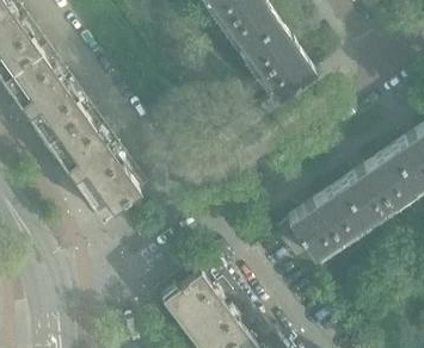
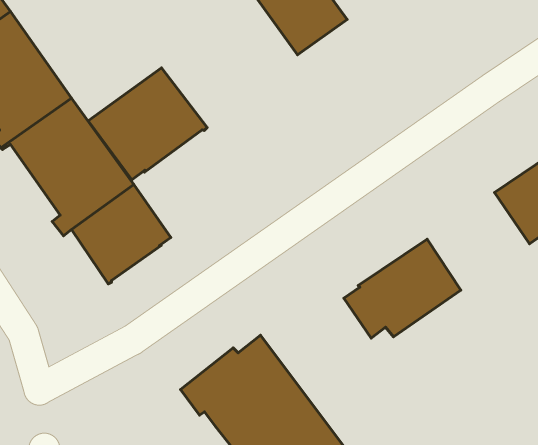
building: [244,26,318,102] -> none
building: none -> [88,68,207,180]
building: [340,155,417,228] -> none

